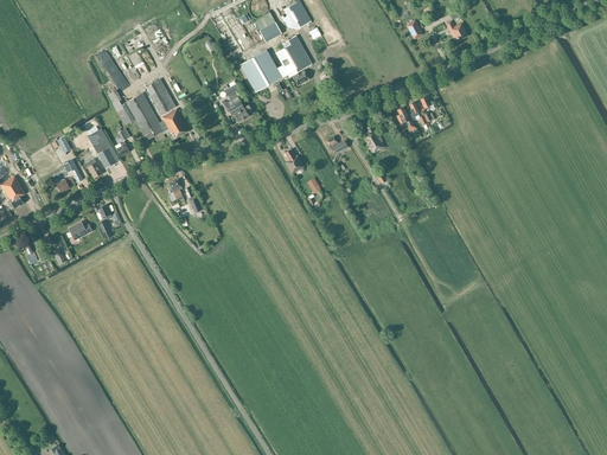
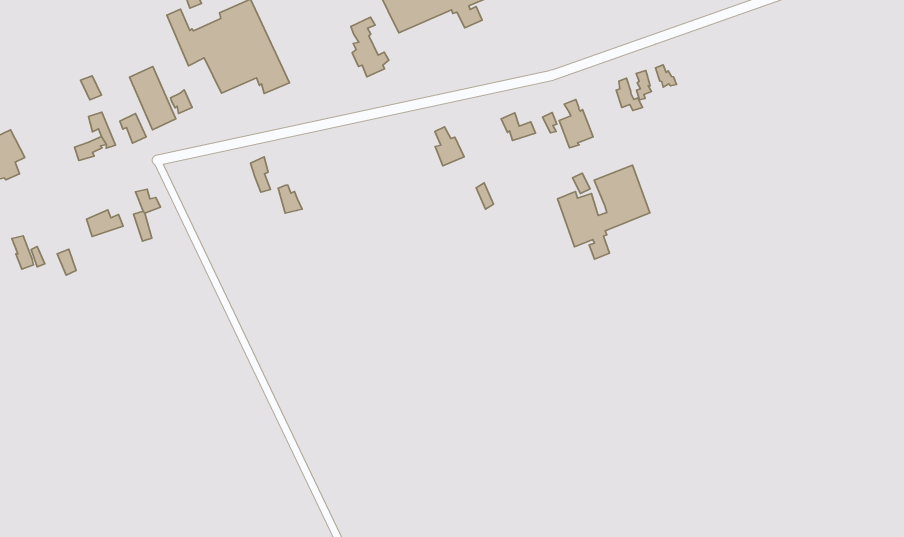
building: none -> [557,165,650,259]

